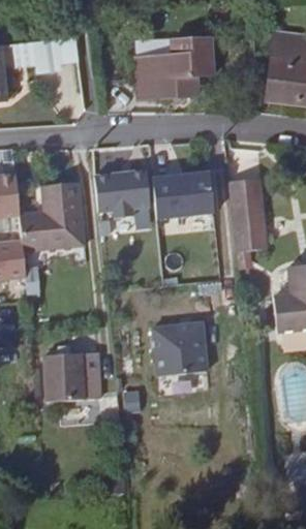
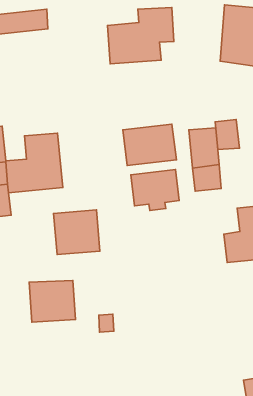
building: none -> [215,119,240,150]
building: [94,170,150,218] -> [131,169,179,210]
building: [155,323,209,375] -> [53,210,100,255]

